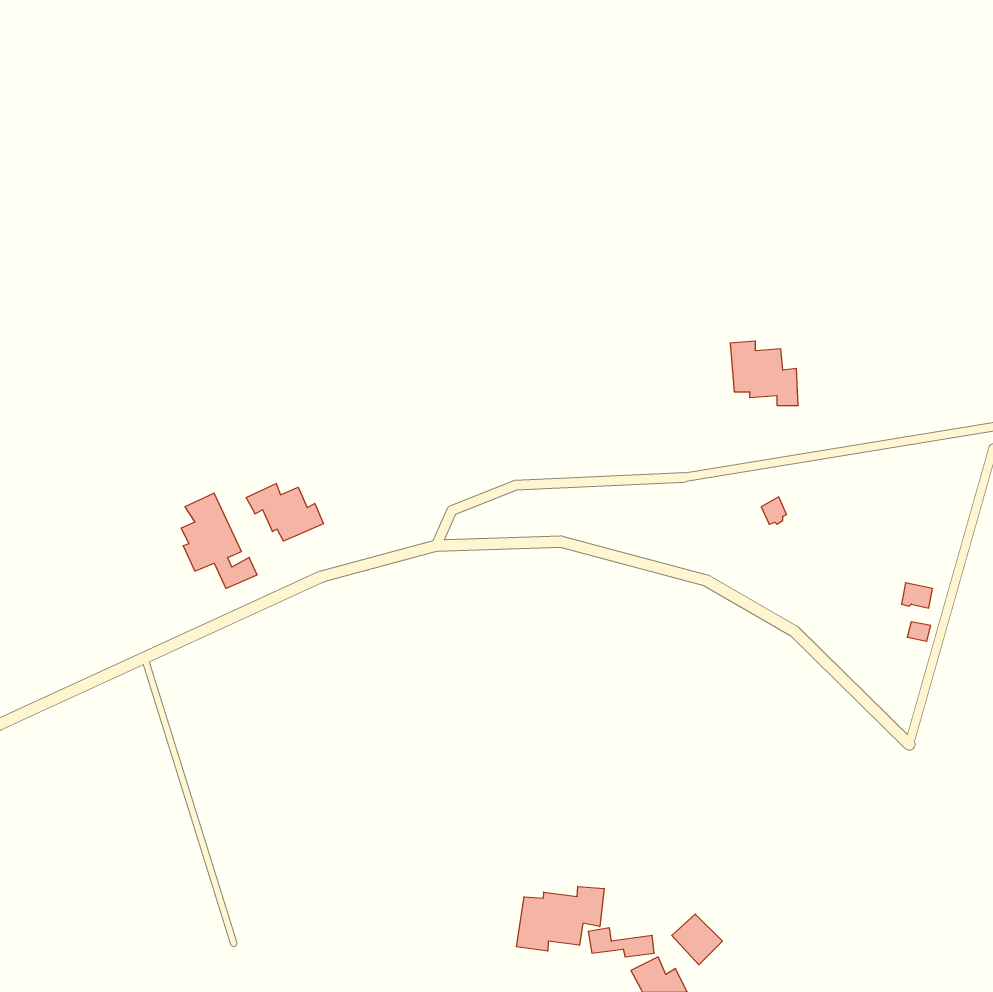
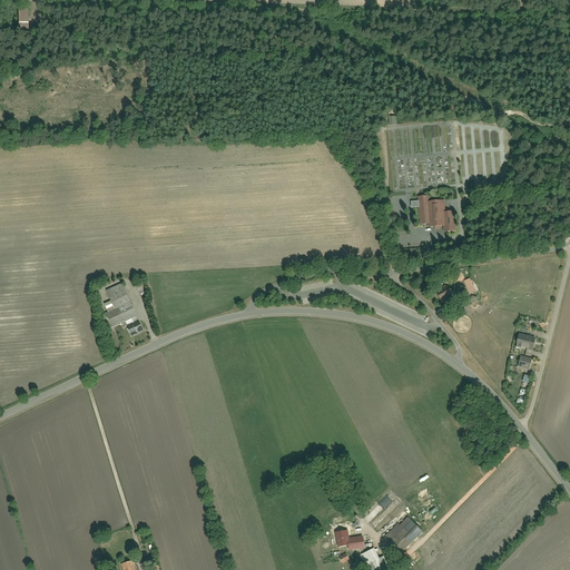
building: [246,483,324,541] -> none
building: [517,886,604,951] -> none

